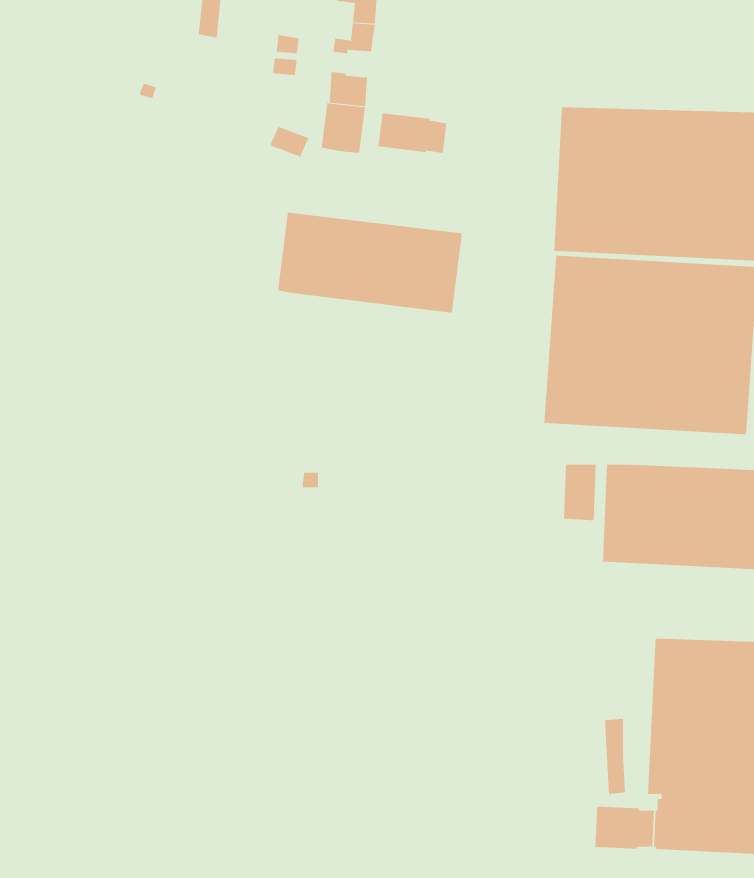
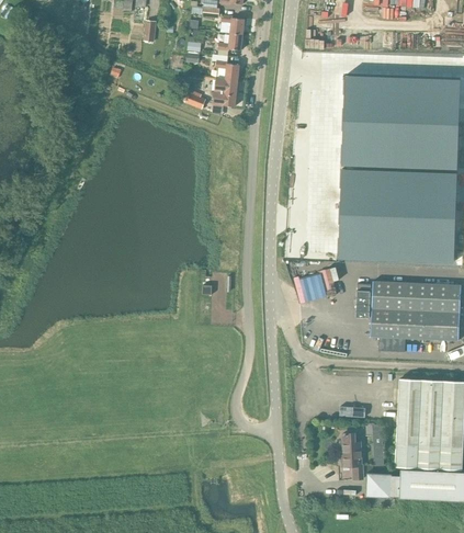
building: [378,112,447,154] -> none
building: [277,212,463,314] -> none
building: none -> [340,432,362,478]

